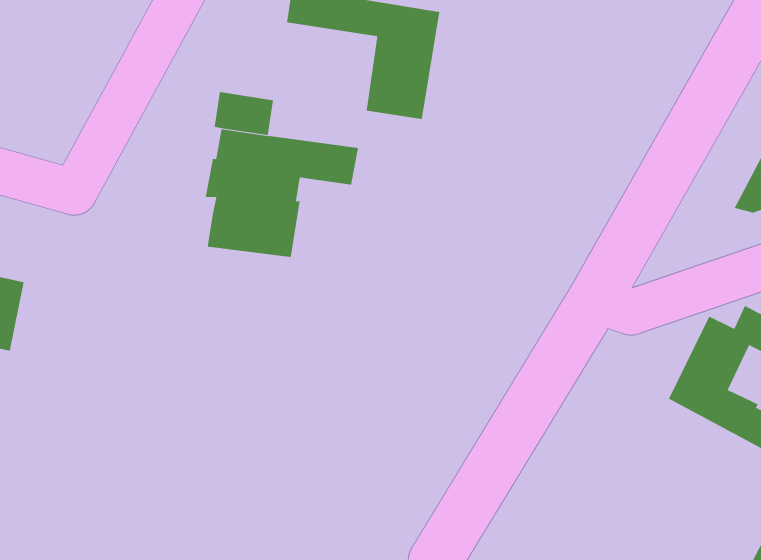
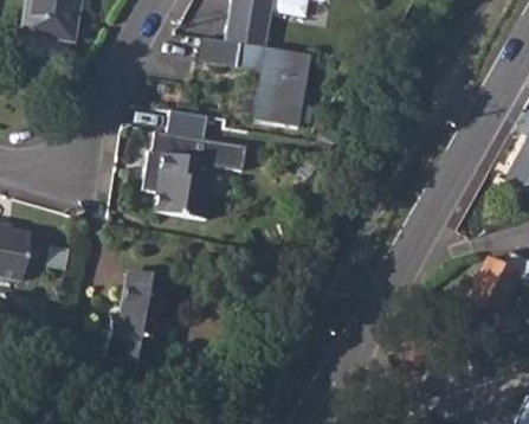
building: none -> [103,274,167,365]

